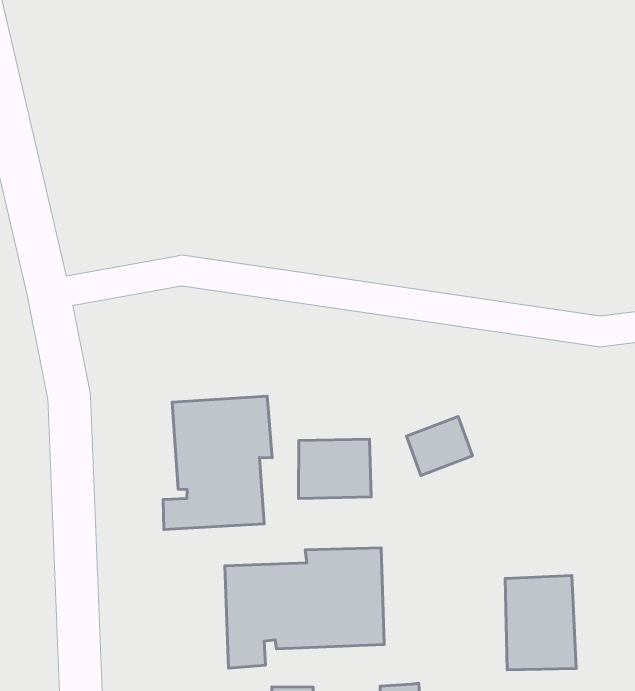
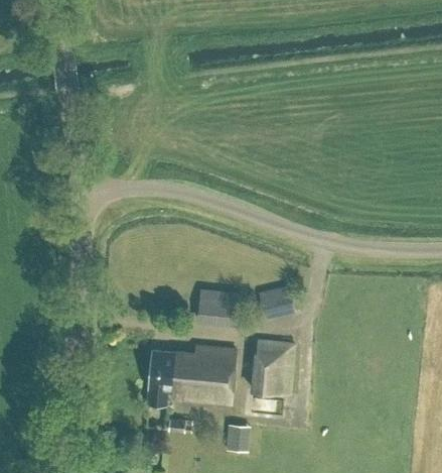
building: [163,396,272,529] -> none
building: [505,576,576,670] -> [252,341,293,394]

